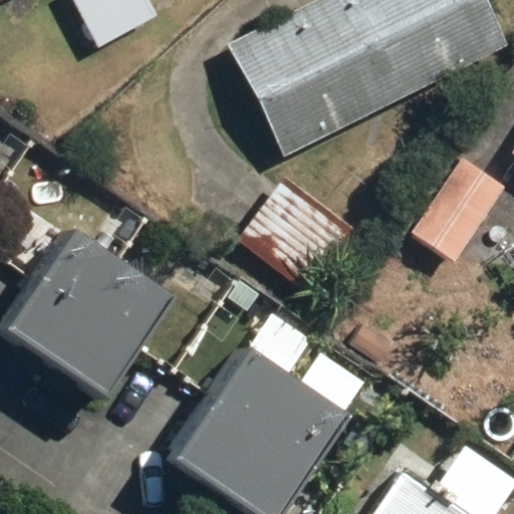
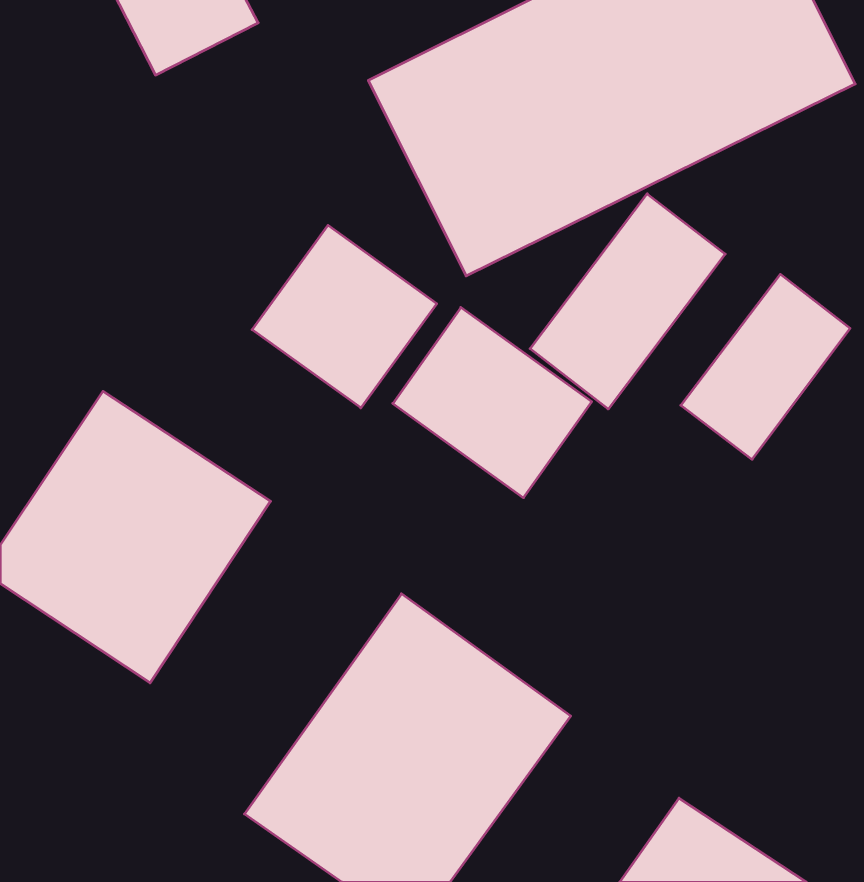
building: none -> [530,194,725,409]
building: none -> [252,225,437,408]

